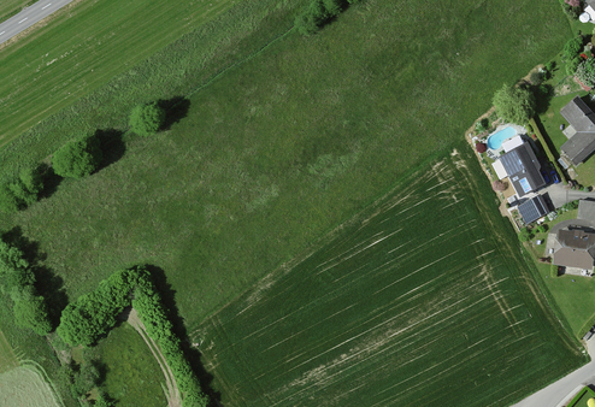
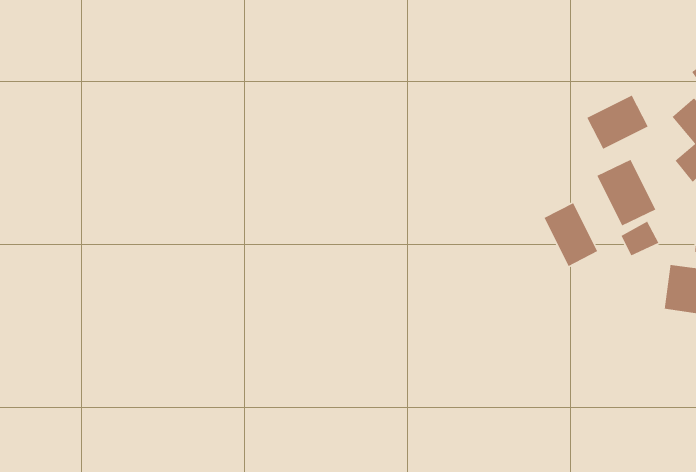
building: none -> [586,94,649,150]
building: none -> [544,202,598,267]

